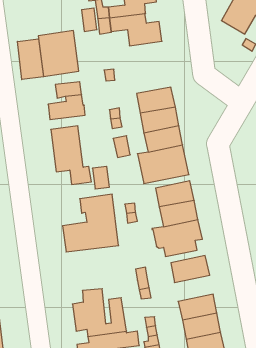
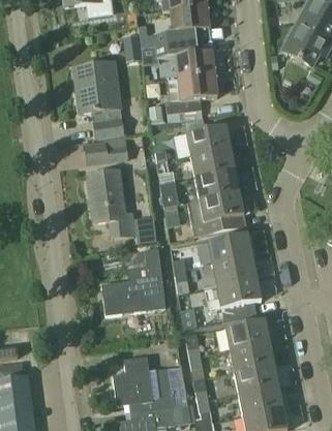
building: [17,39,44,80] -> none
building: none -> [165,72,217,113]
building: none -> [230,341,274,371]

